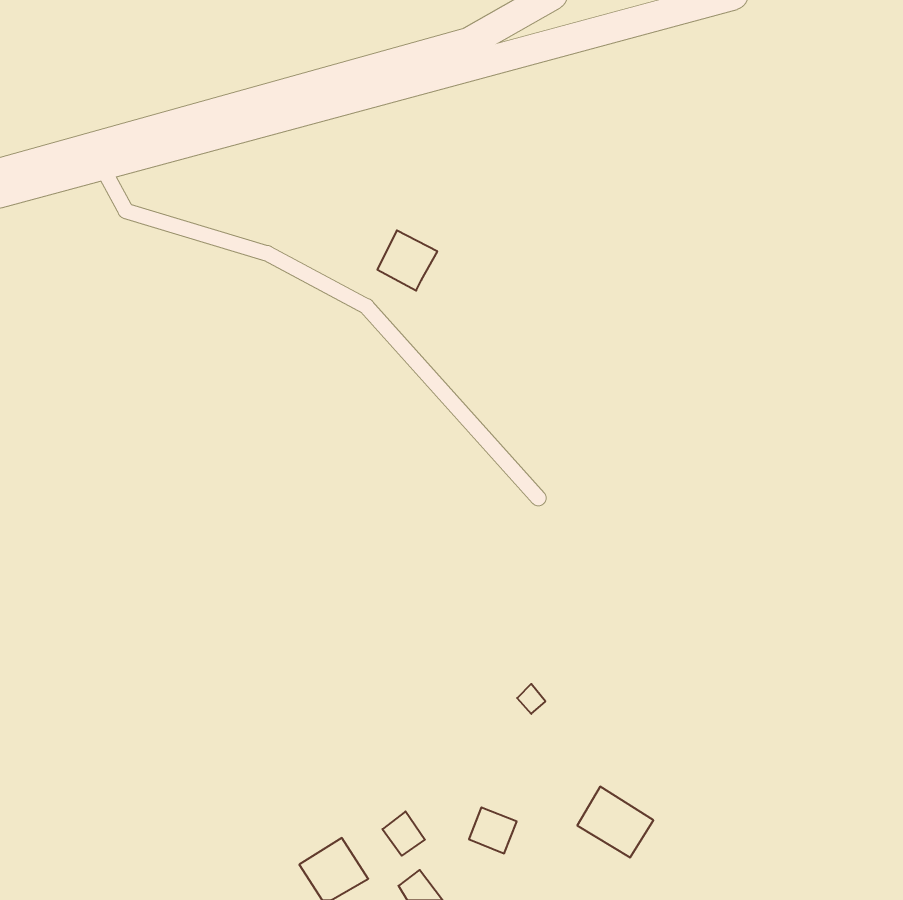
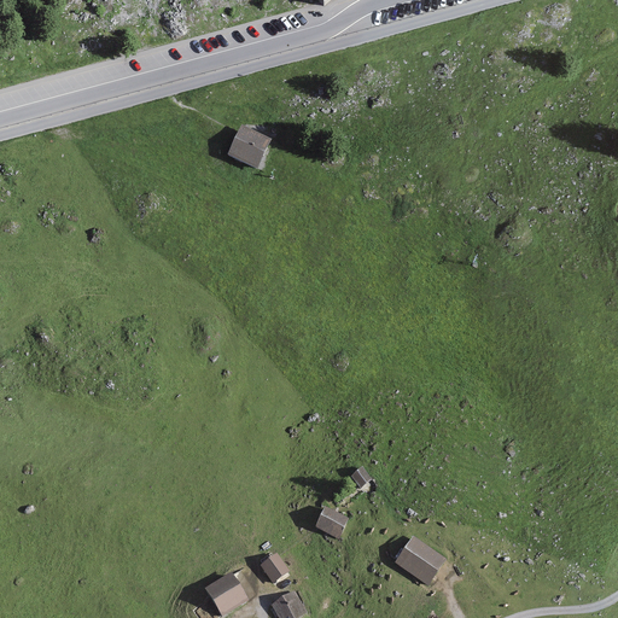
building: [377,230,437,291] -> [229,124,270,165]
building: [469,807,517,853] -> [315,506,348,537]

